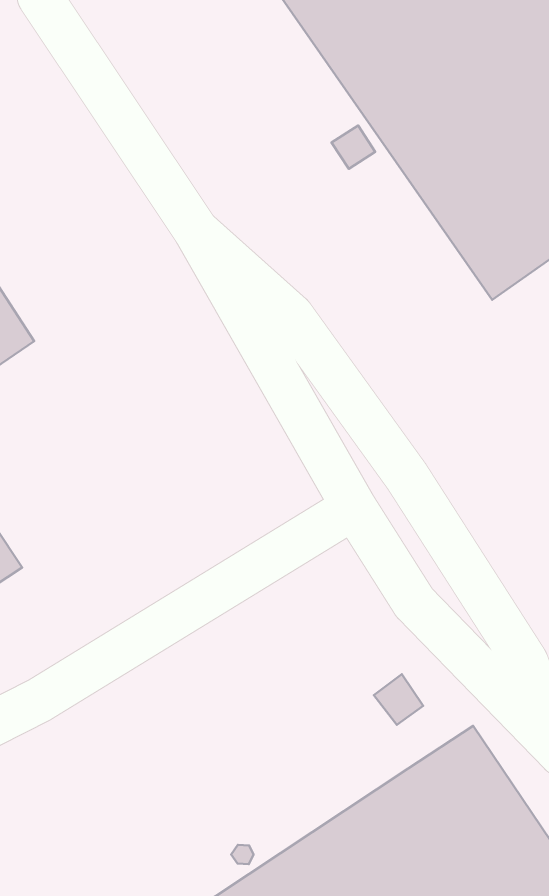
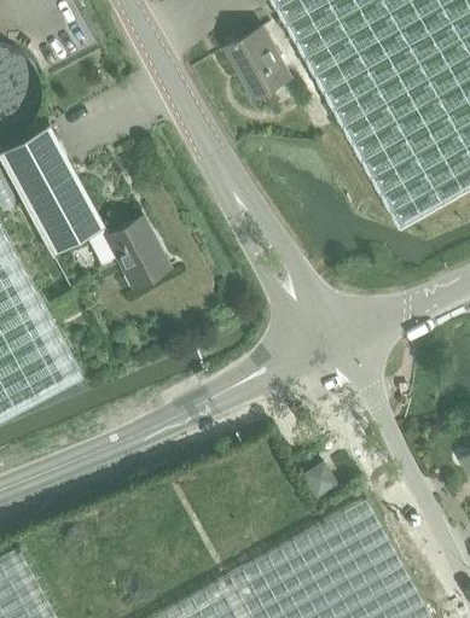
building: none -> [227,28,292,101]
building: none -> [108,220,167,287]

